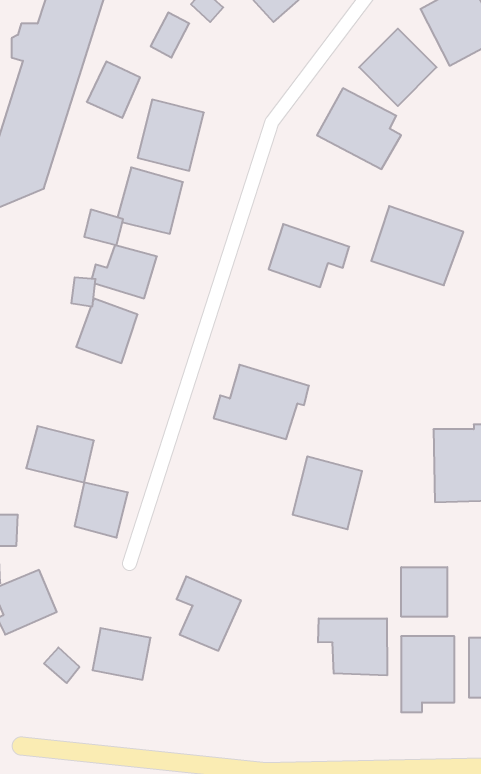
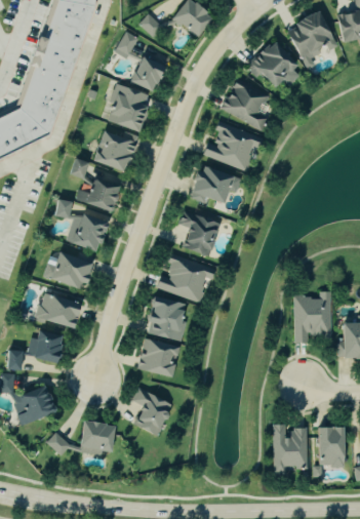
building: [87,61,140,118] -> [129,55,163,91]
building: [371,206,463,285] -> [204,120,263,170]
building: none -> [178,210,221,256]
building: none -> [47,250,91,290]
building: [293,456,362,529] -> [145,295,189,342]
building: [75,483,128,538] -> [29,329,63,364]
building: none -> [139,340,178,376]
building: [401,567,447,617] -> none
building: [318,618,387,675] -> none

